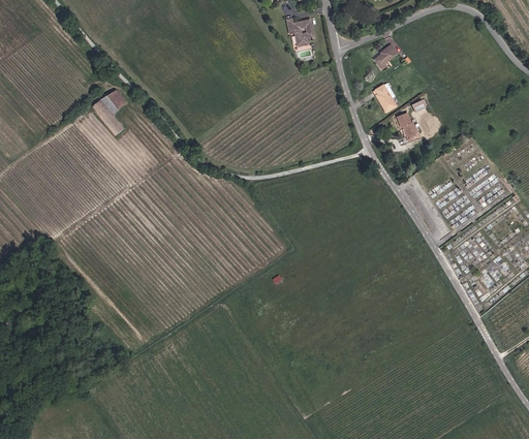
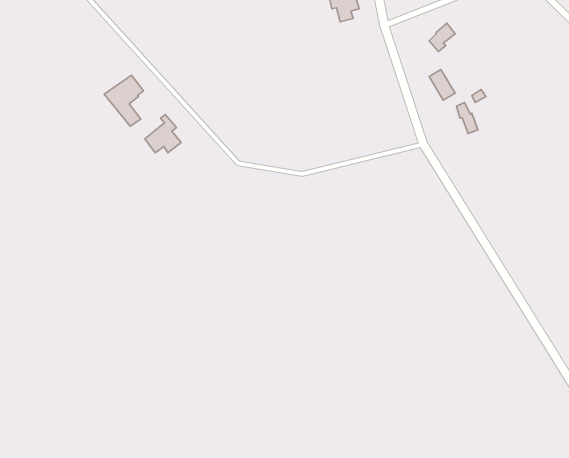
building: none -> [145,115,181,153]

